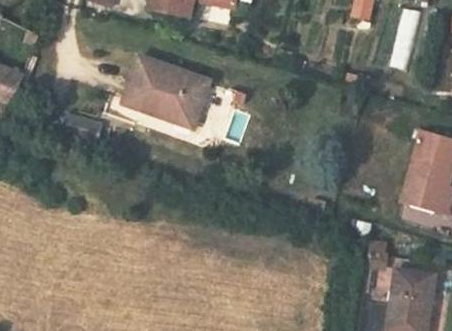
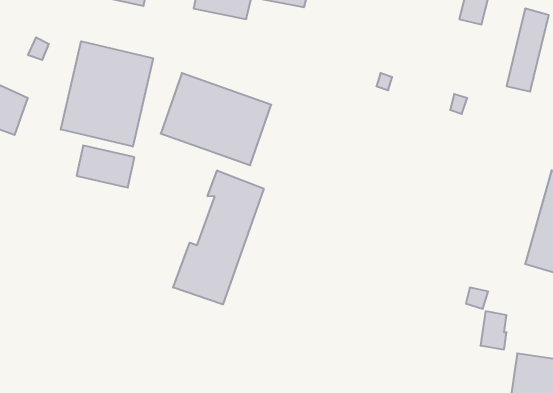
building: none -> [61,41,153,147]
building: none -> [173,170,264,304]

